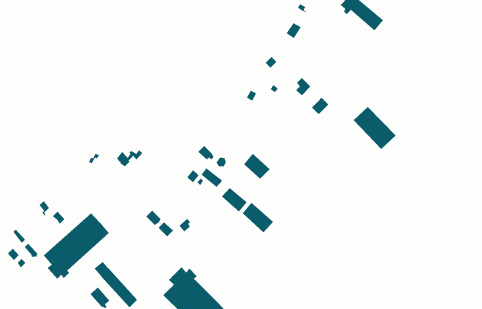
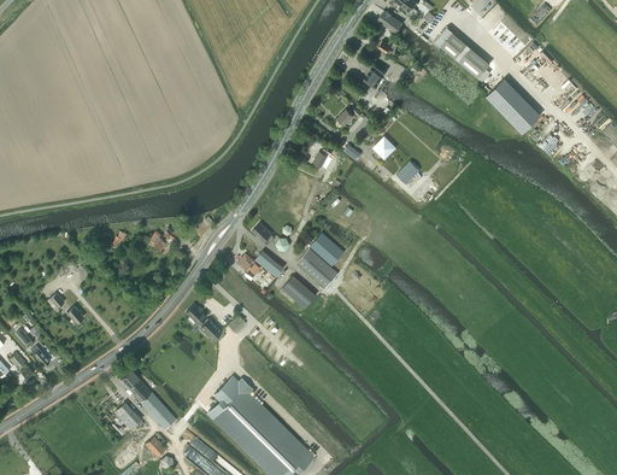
building: [353,106,396,150] -> [486,78,541,134]
building: [242,202,274,233] -> [298,248,339,288]
building: [43,212,110,279] -> none

